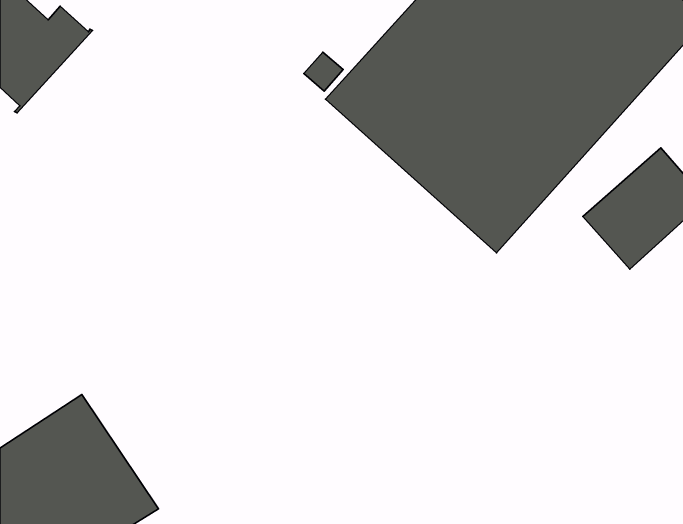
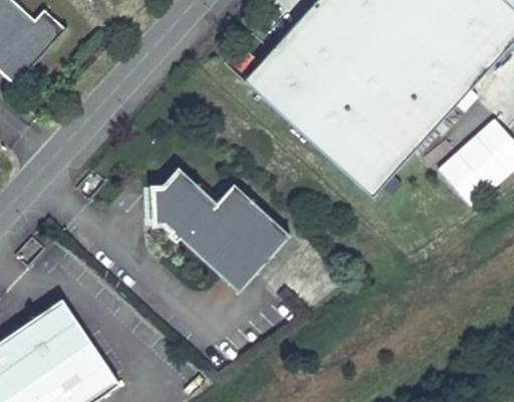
building: none -> [153,170,291,294]

